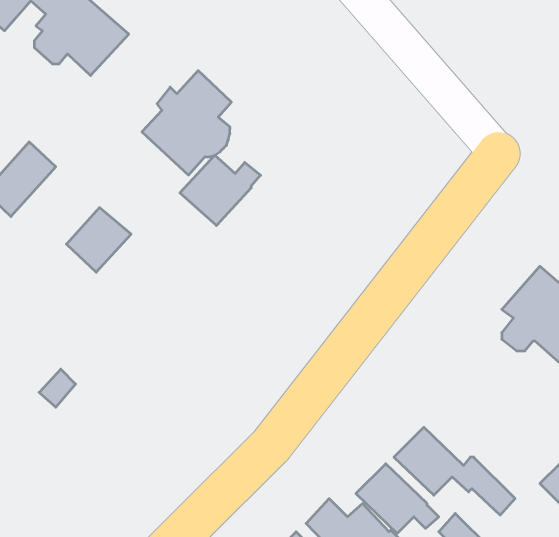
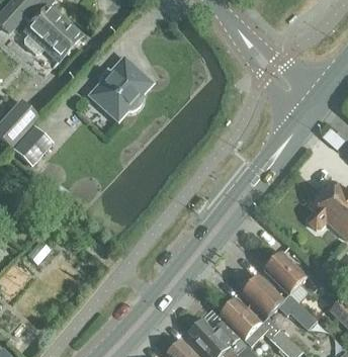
building: [180,155,261,226] -> none
building: [66,208,131,272] -> [12,126,52,166]
building: none -> [266,253,317,293]

